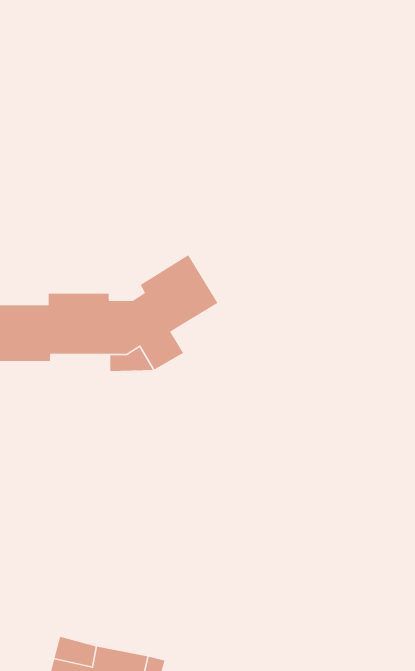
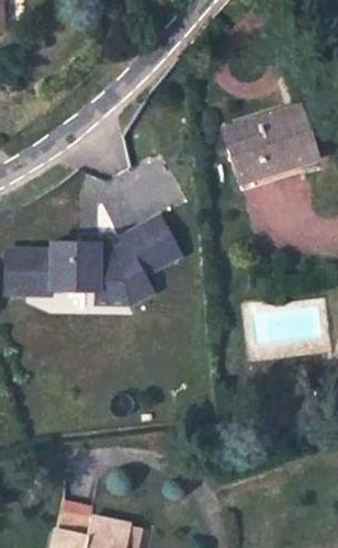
building: none -> [223,103,316,180]

